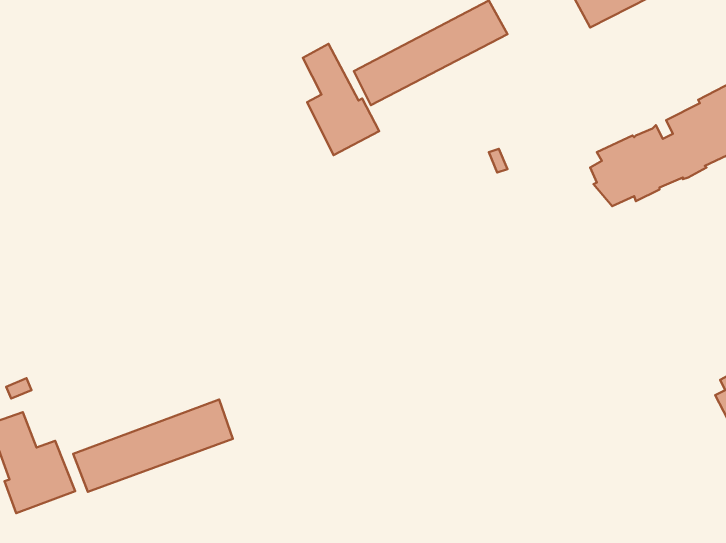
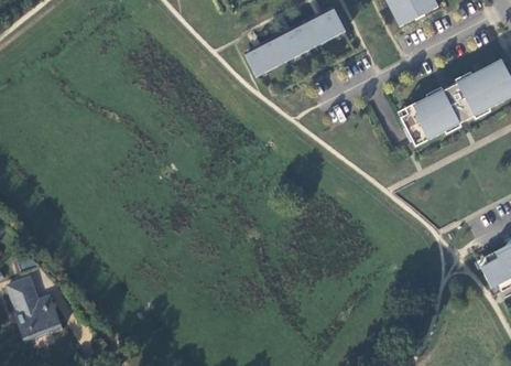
building: [303,44,379,155] -> none
building: [73,400,233,492] -> none

